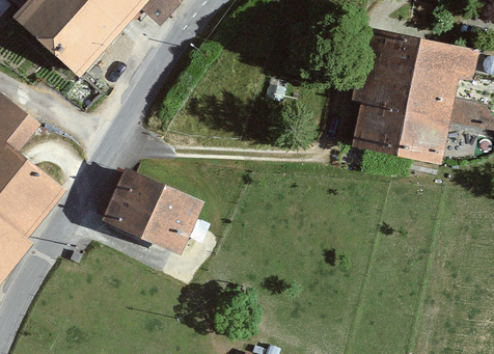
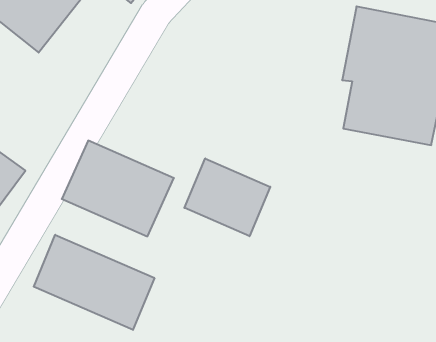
building: none -> [184,158,270,236]
building: none -> [34,235,154,330]

